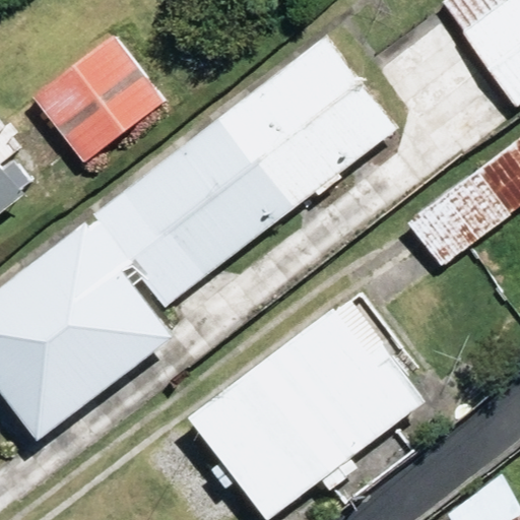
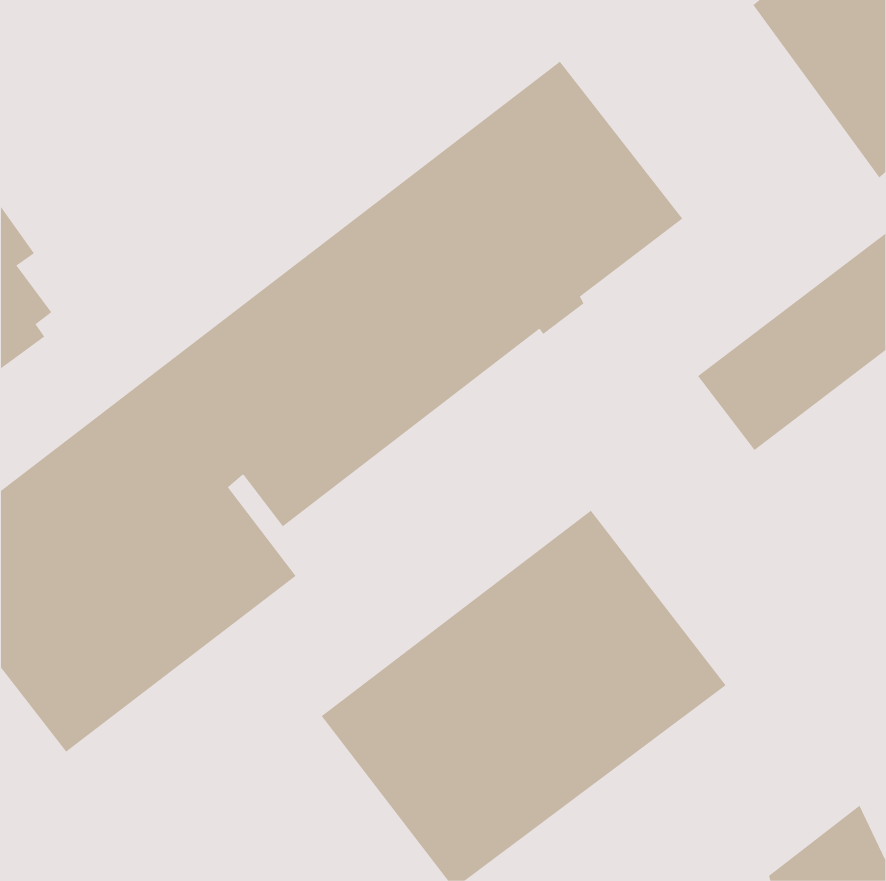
building: [32,35,164,161] -> none

